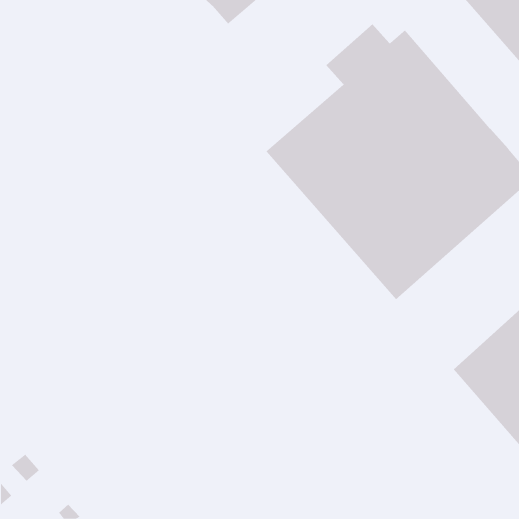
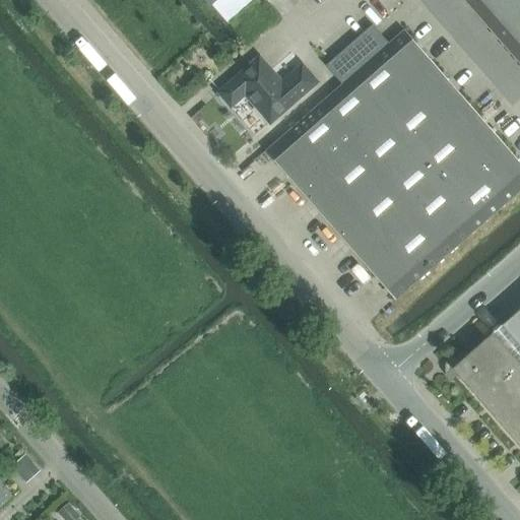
building: none -> [219,57,318,124]

